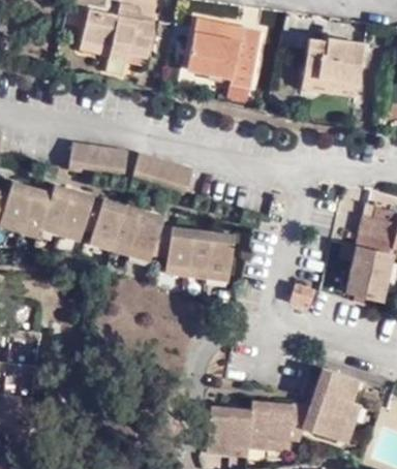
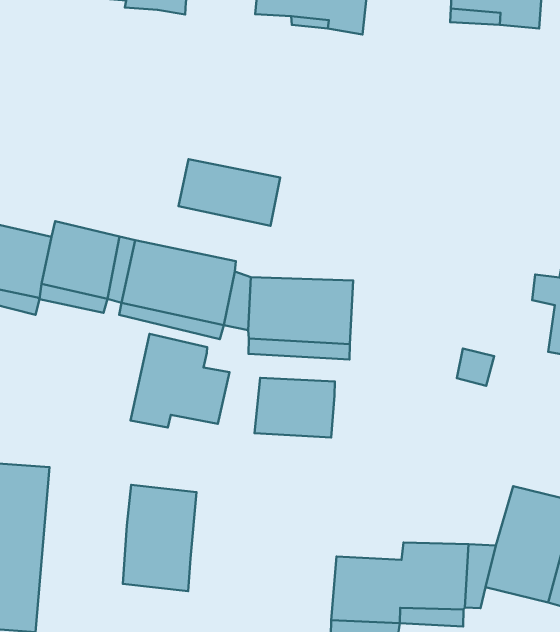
building: [68,145,129,182] -> none
building: none -> [130,334,230,428]
building: none -> [255,378,335,437]
building: none -> [123,485,196,591]

